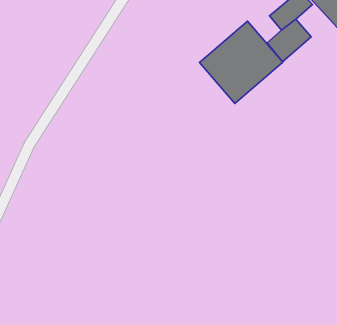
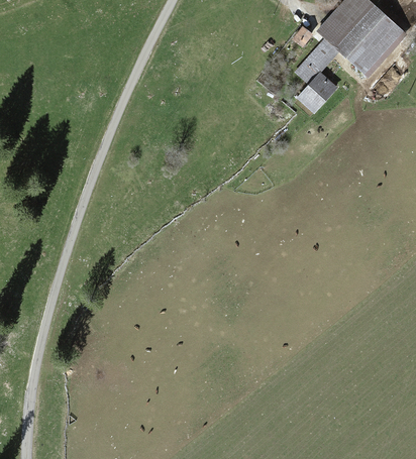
building: [199,21,283,103] -> none

